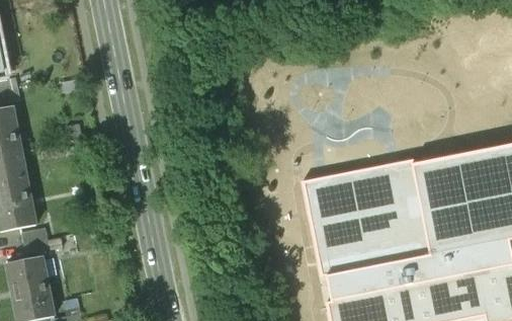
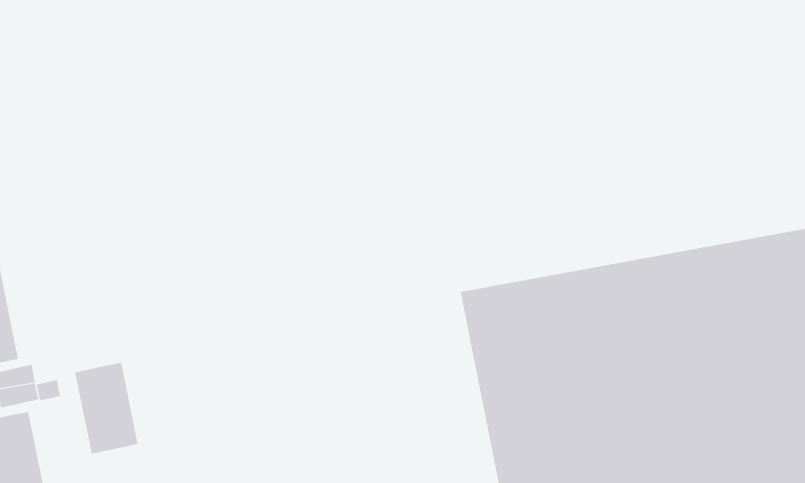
building: none -> [75,362,138,455]

